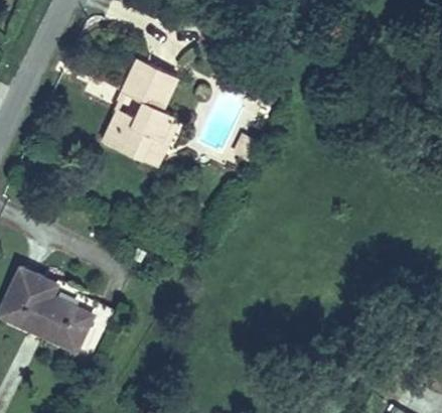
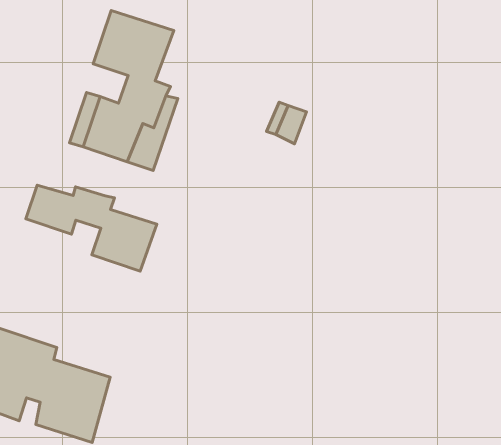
building: none -> [26,185,157,271]

